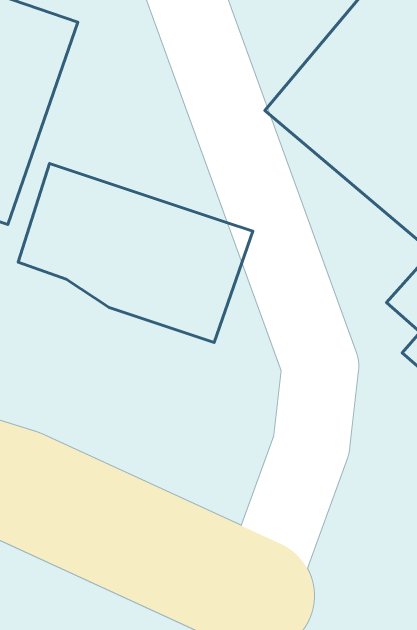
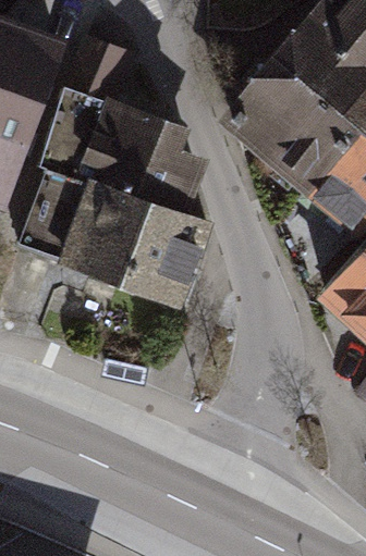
building: none -> [44,35,203,210]

